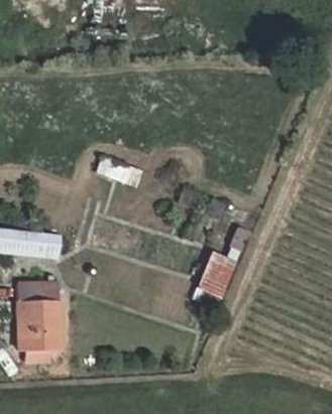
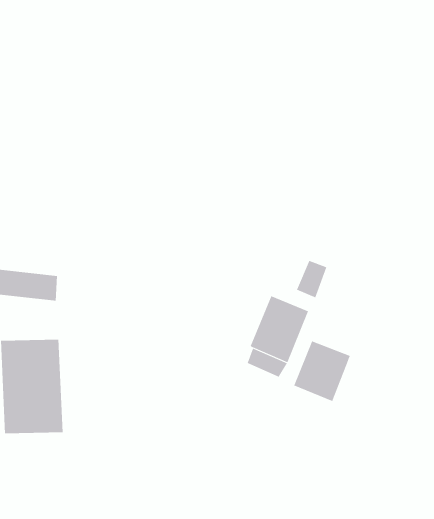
building: none -> [293,340,350,402]

